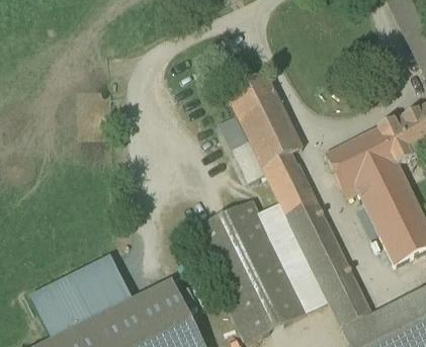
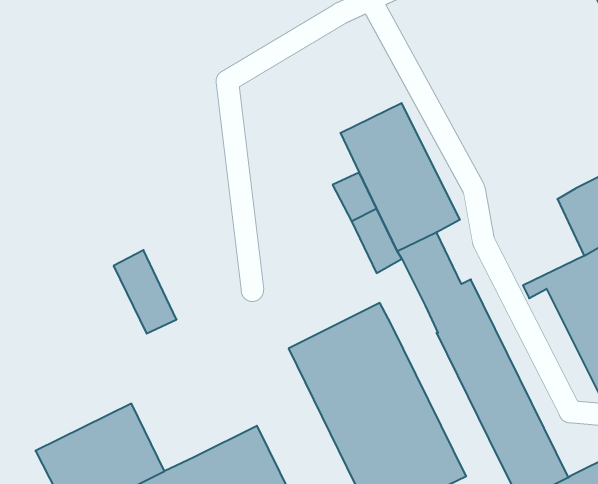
building: [325,134,382,189] -> none
building: [258,202,328,312] -> none
building: [91,255,132,309] -> [114,250,177,334]

